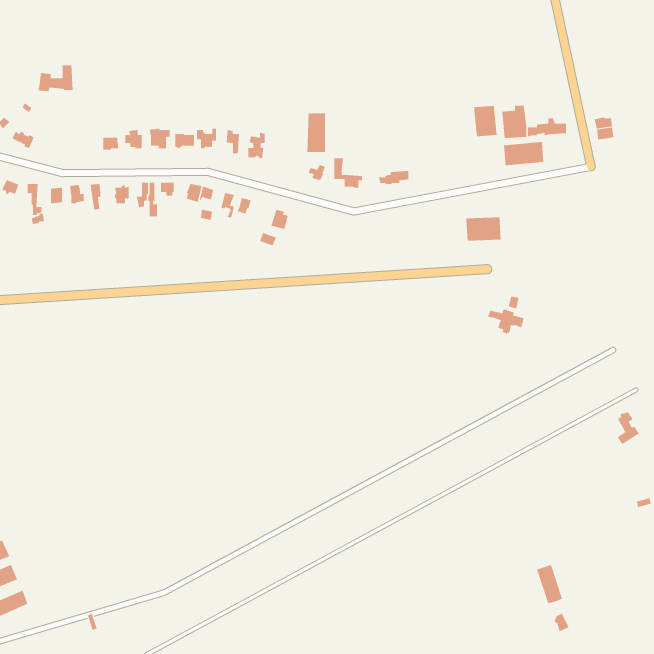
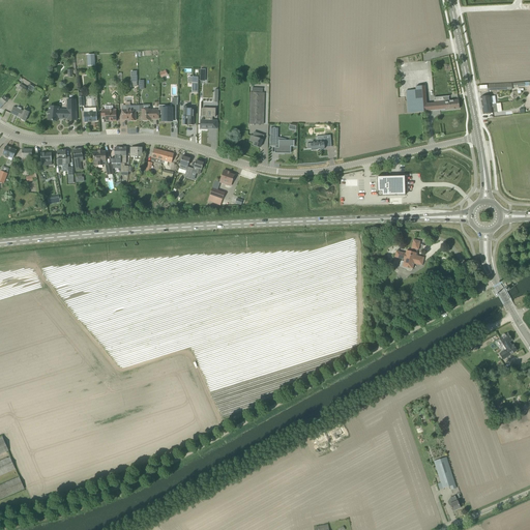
building: [38,65,73,92] -> [47,98,76,120]
building: [473,105,497,137] -> none
building: [503,141,544,166] -> none

